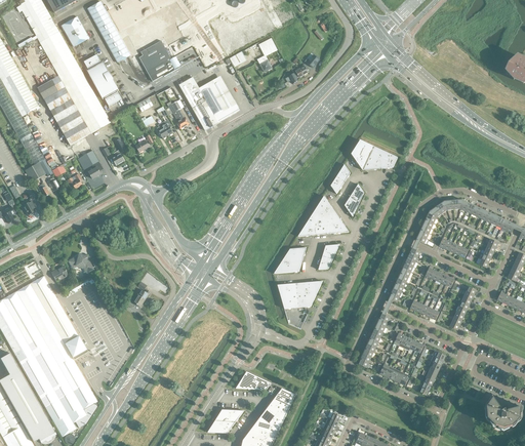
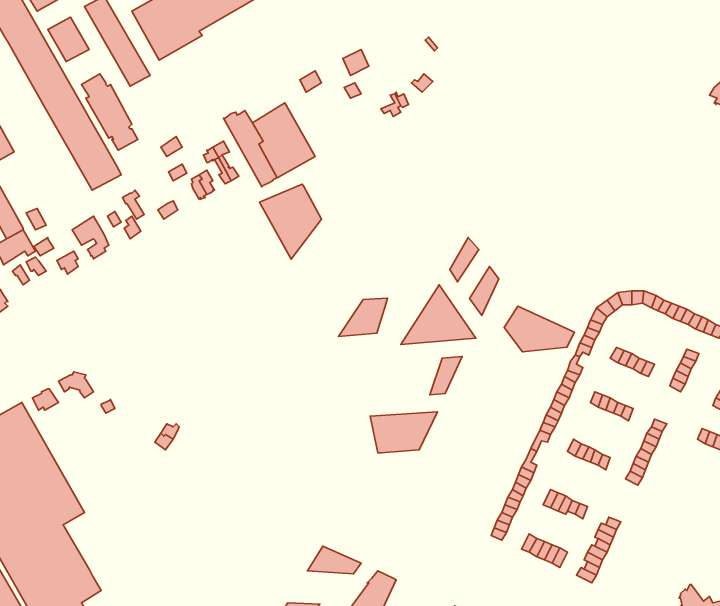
building: [138,40,174,81] -> none
building: [37,75,90,145] -> none
building: none -> [259,184,321,259]
building: [350,139,397,170] -> [504,306,575,352]
building: [273,247,306,273] -> [339,298,387,336]

